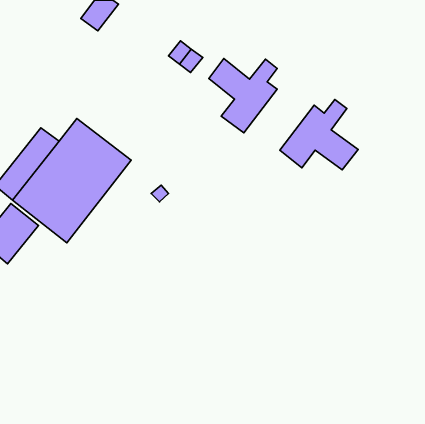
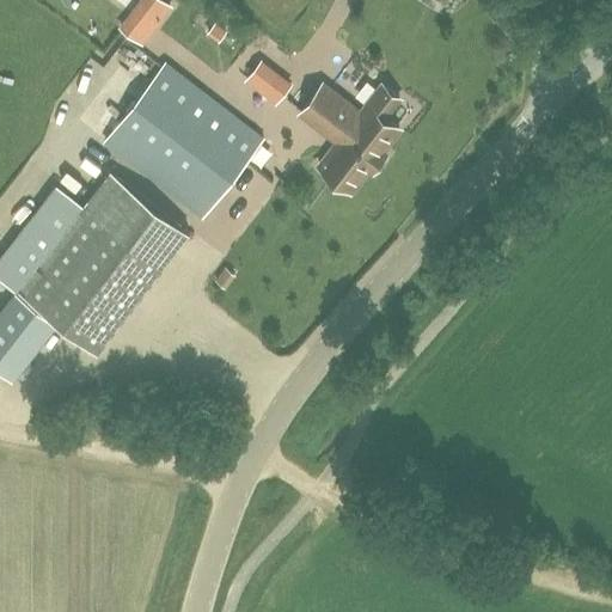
building: none -> [102,65,263,222]
building: [280,100,358,170] -> none

